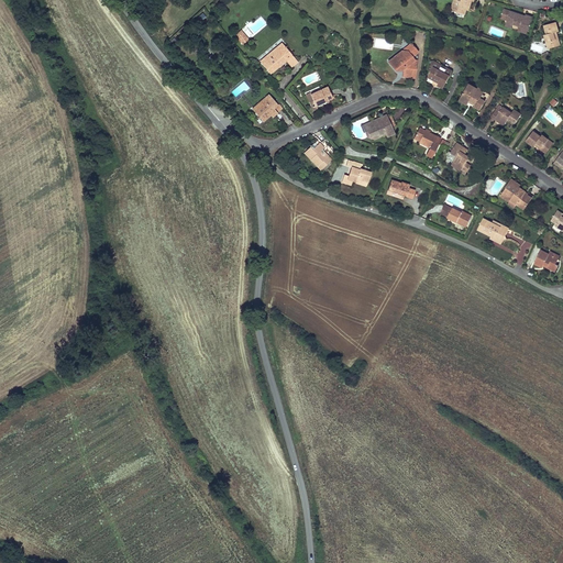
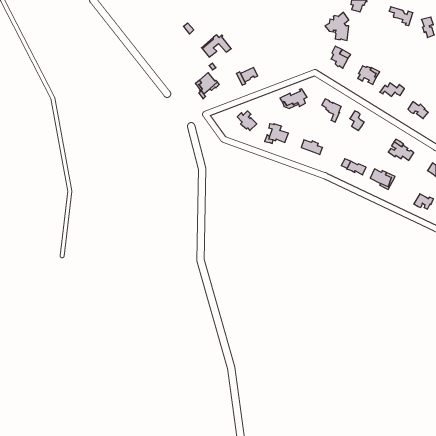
building: [387,42,418,78] -> [325,12,349,40]

